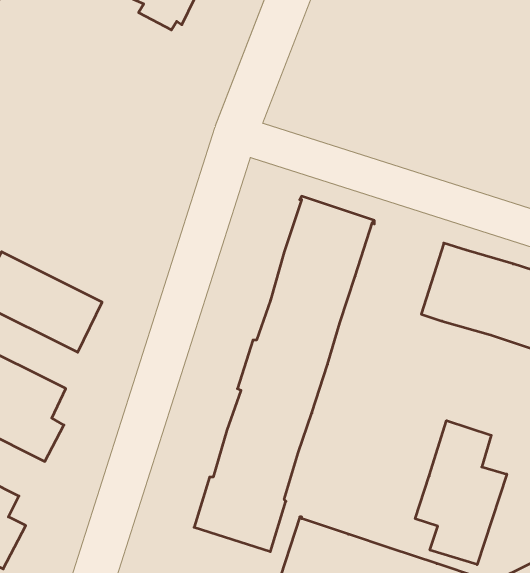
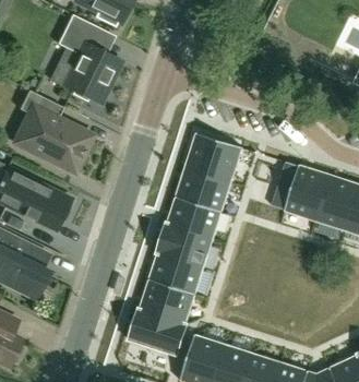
building: none -> [57,14,121,104]
building: none -> [15,89,92,170]
building: [415,421,507,565] -> none

